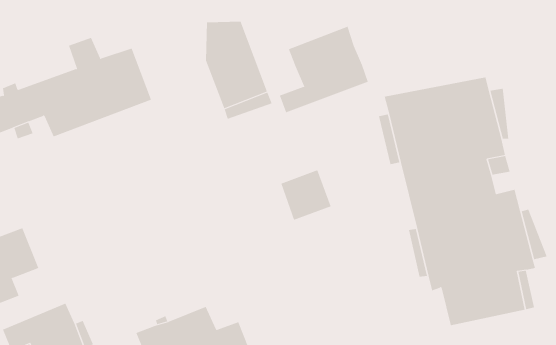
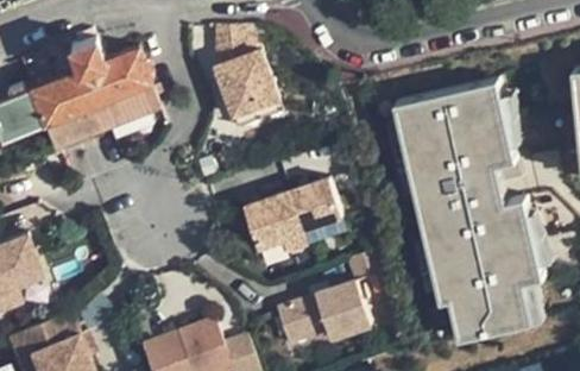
building: [279,26,369,113] -> none
building: none -> [244,193,308,252]
building: none -> [277,240,392,345]

